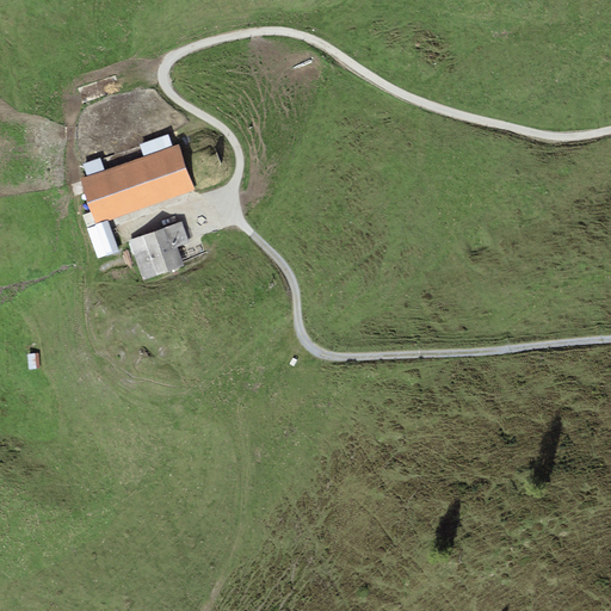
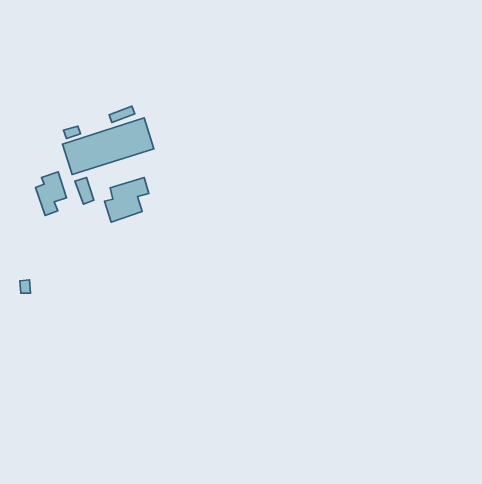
building: none -> [35,172,66,215]

